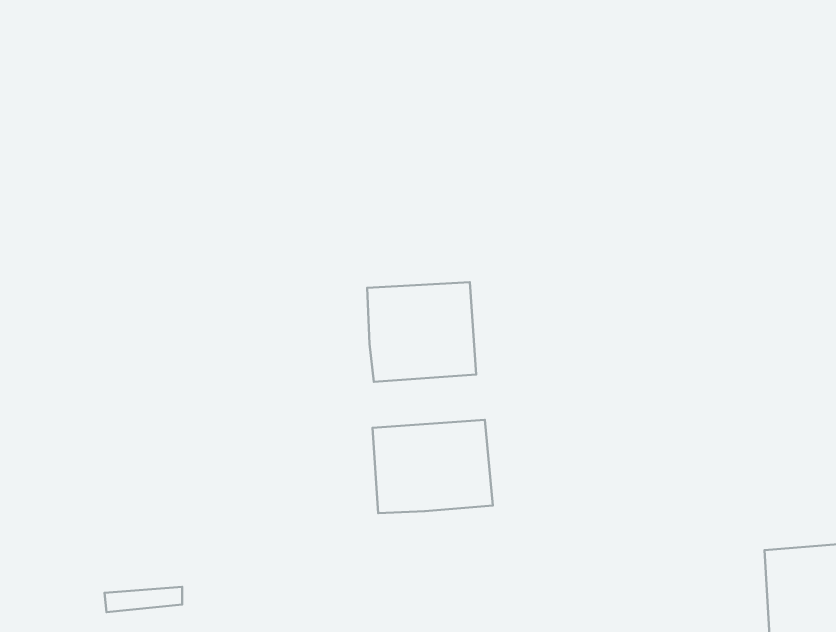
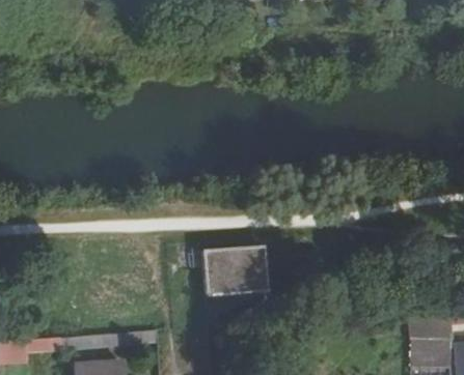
building: [367,282,476,382] -> none

